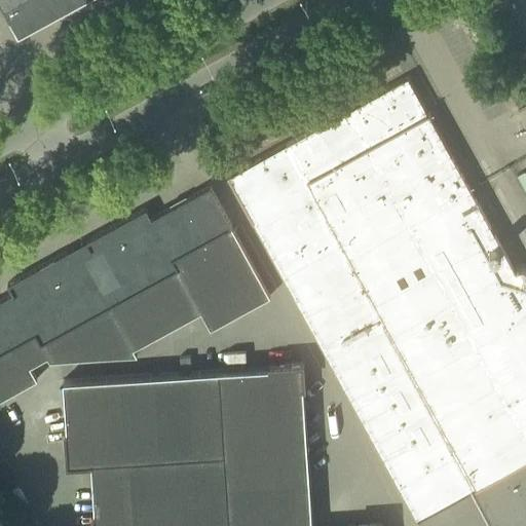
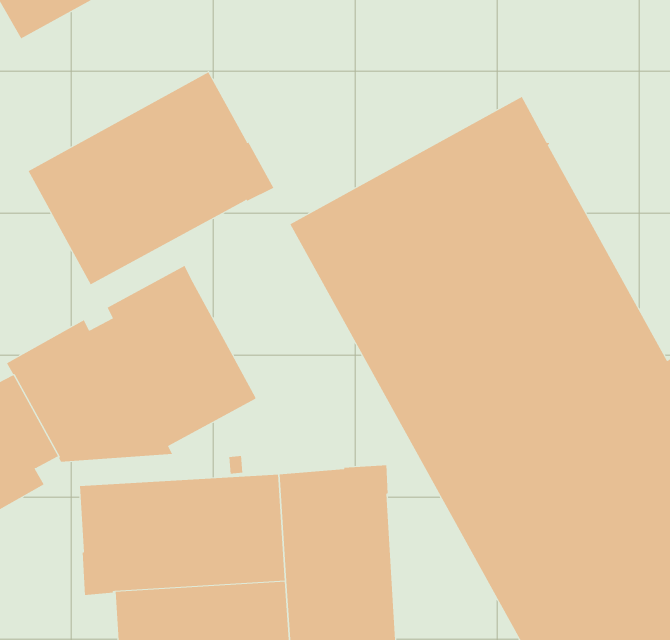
building: none -> [28,72,274,285]
building: [151,190,270,333] -> none

